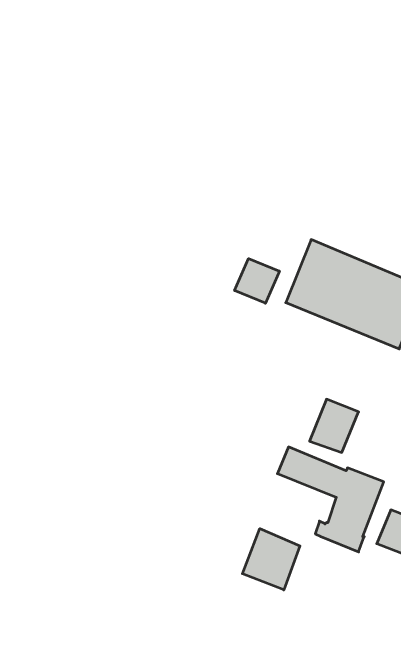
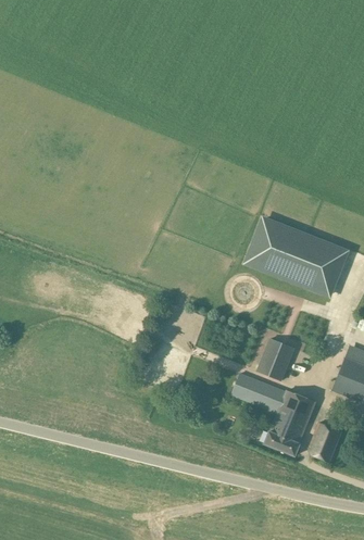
building: [235,259,279,303] -> none
building: [242,529,300,590] -> none

